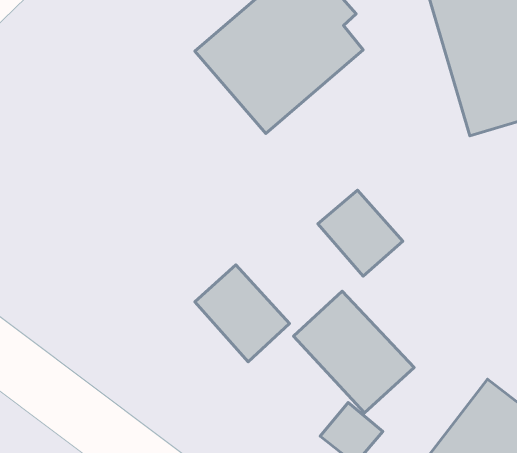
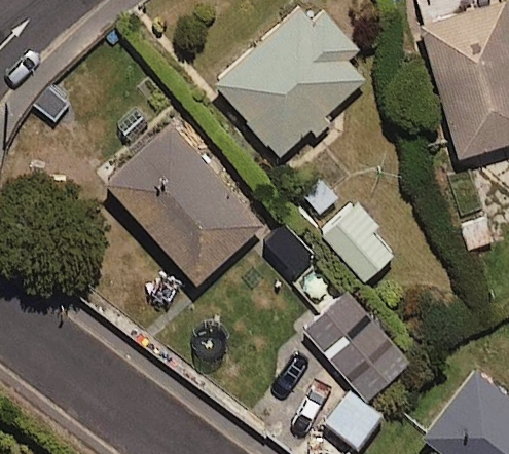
building: none -> [104,122,261,283]
building: [195,265,289,362] -> none

